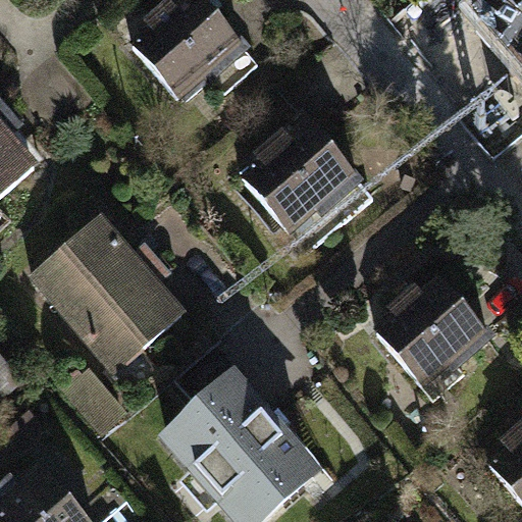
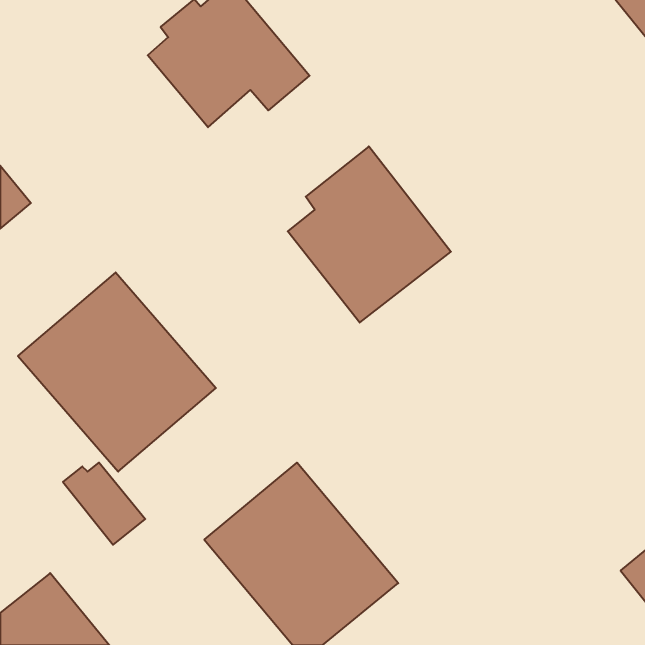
building: [382,263,503,383] -> none

